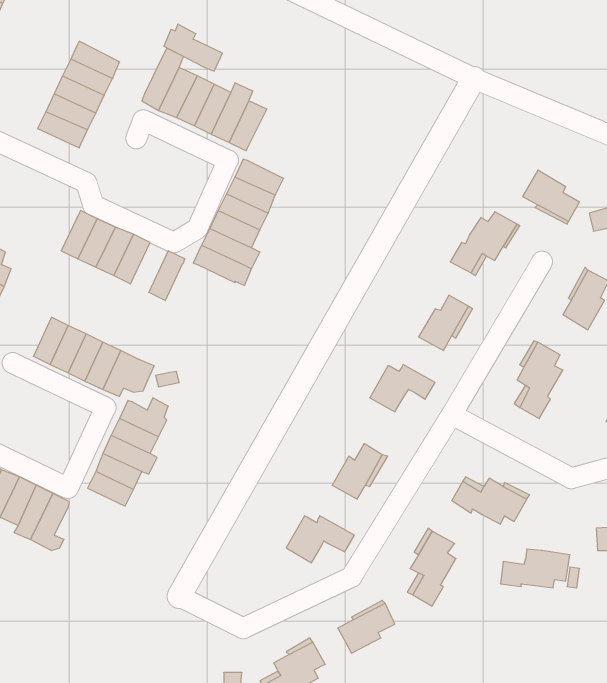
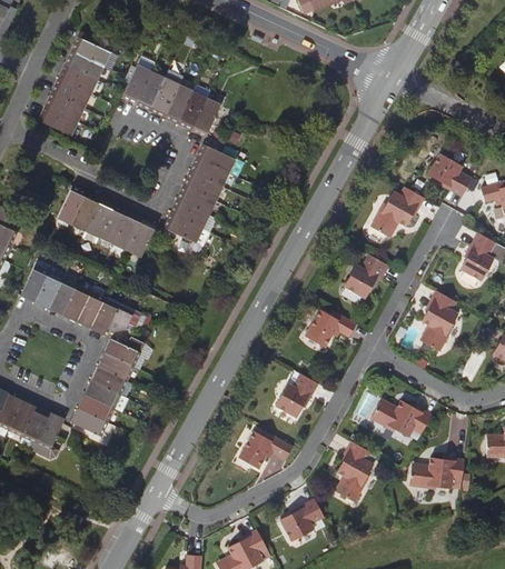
building: [164,24,222,71] -> [71,32,118,70]
building: none -> [112,211,142,251]
building: none -> [20,264,49,302]
building: none -> [71,408,108,437]

